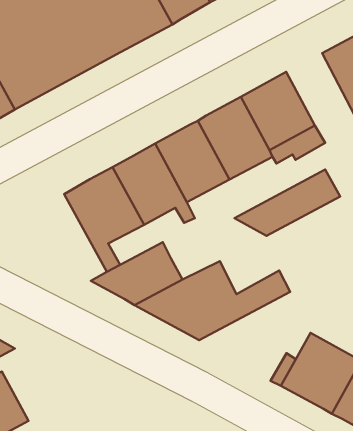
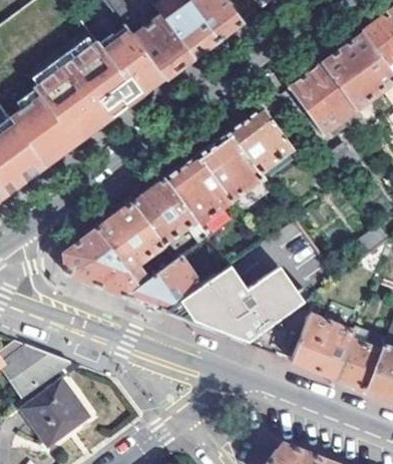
building: [234,170,340,236] -> [222,284,305,344]
building: none -> [63,229,139,297]

